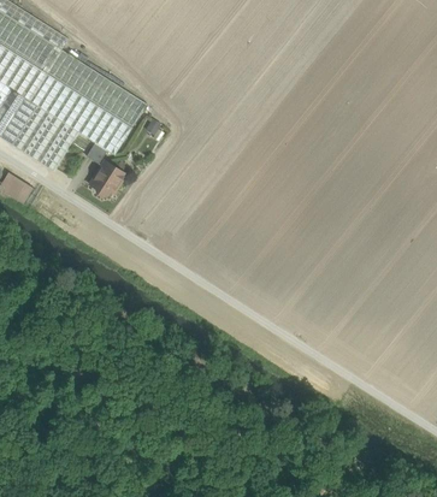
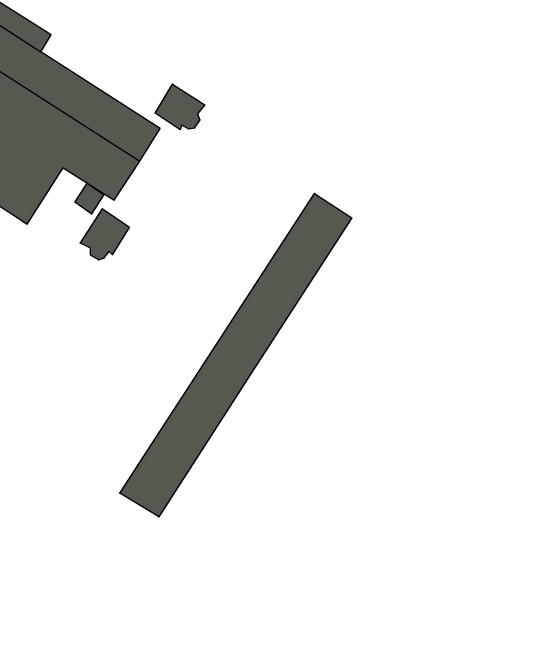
building: none -> [155,84,205,130]
building: none -> [120,193,352,517]

